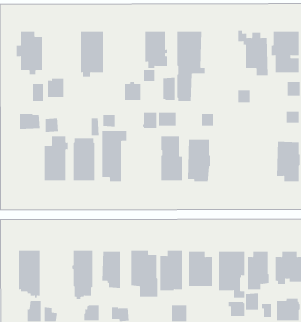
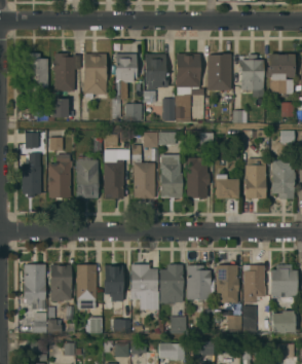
building: none -> [52,53,80,92]
building: none -> [115,53,137,83]
building: none -> [207,53,231,90]
building: none -> [131,145,154,198]
building: none -> [21,151,40,197]
building: none -> [244,158,266,198]
building: none -> [215,175,238,198]
building: none -> [50,264,71,301]

